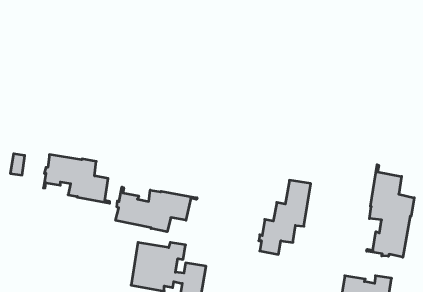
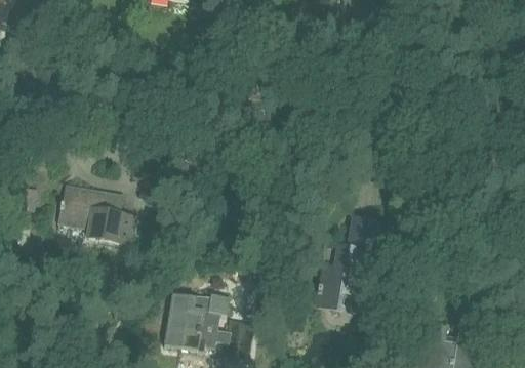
building: [367,165,414,257] -> none
building: [116,187,197,232] -> none

